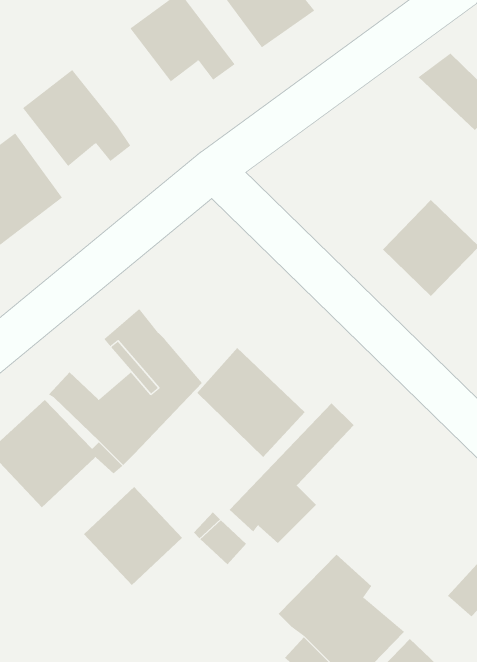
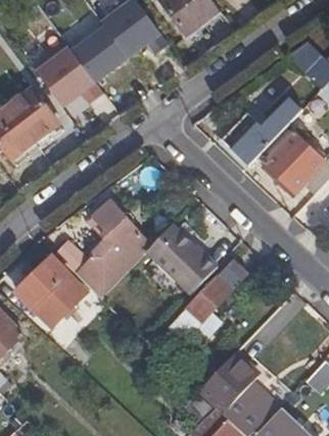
building: none -> [69,23,131,85]
building: none -> [222,101,297,163]
building: [83,486,183,586] -> none

